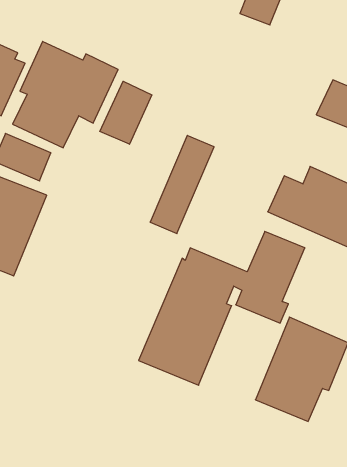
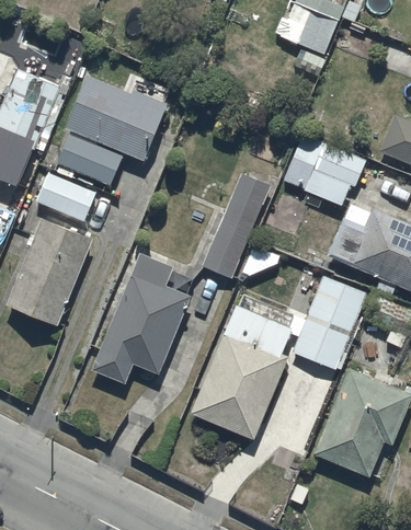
building: [100,81,152,144] -> none
building: none -> [283,134,366,207]
building: none -> [91,252,192,383]

